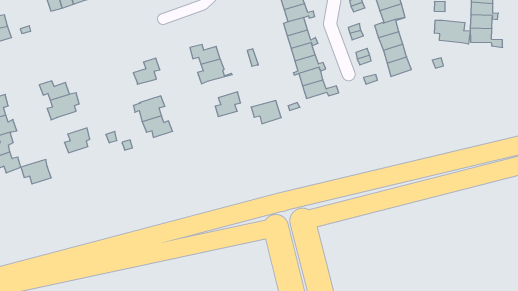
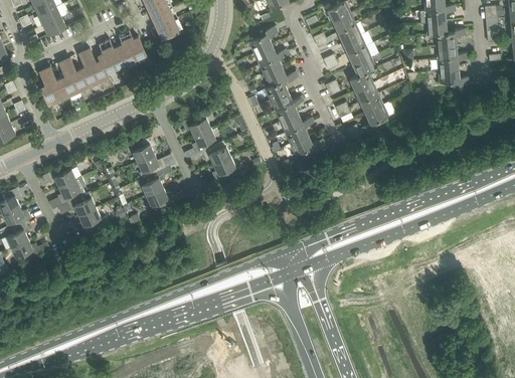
building: [434,20,470,44] -> none
building: none -> [137,155,166,179]
building: [251,101,281,124] -> [201,142,230,165]
building: [21,160,51,184] -> [66,192,96,216]

